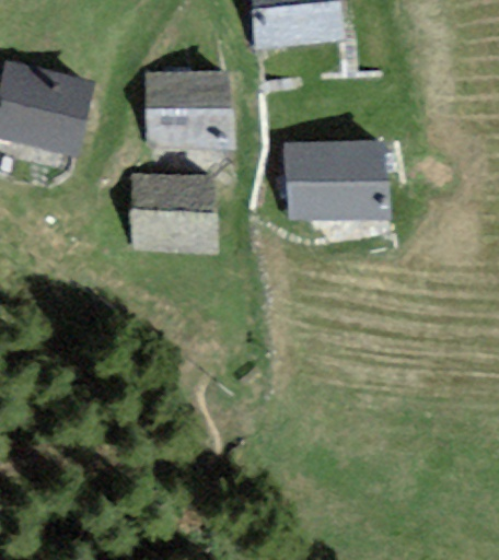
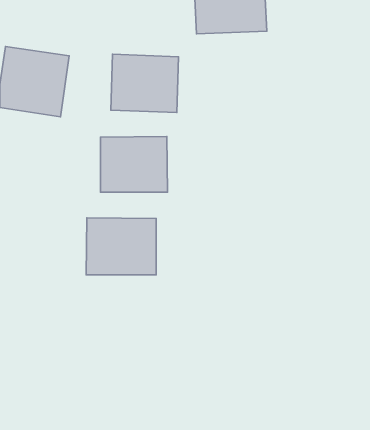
building: [281,135,382,224] -> none
building: none -> [86,218,156,275]

